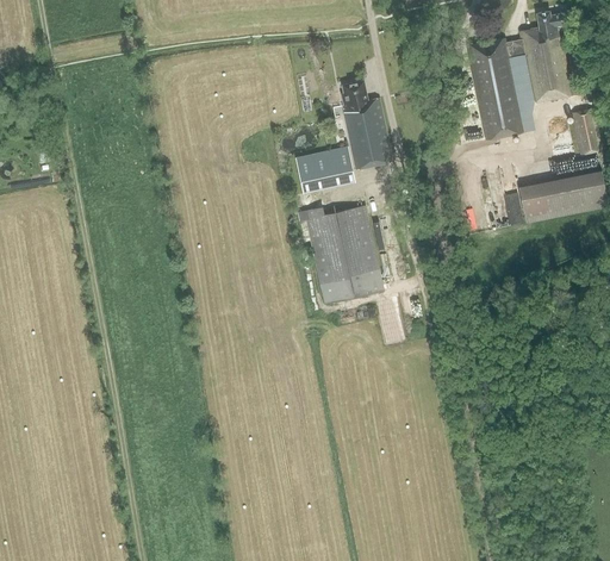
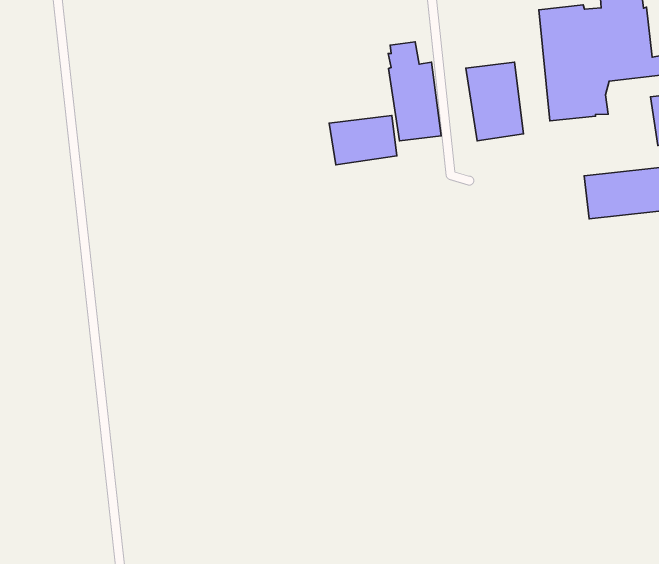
building: none -> [466,62,524,141]
building: [295,204,384,303] -> none

